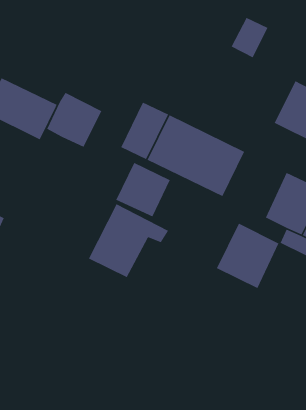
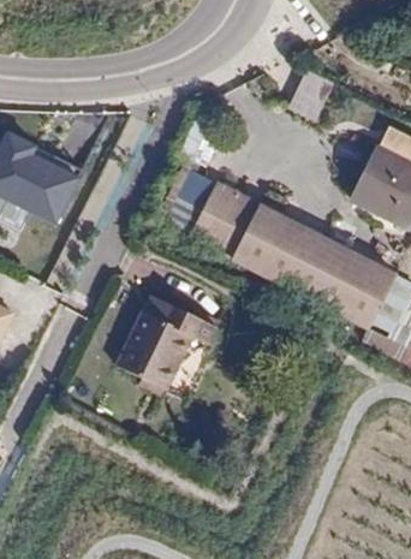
building: [46,92,103,148] -> none
building: [115,162,171,218] -> none
building: [216,223,279,289] -> [286,231,364,313]

